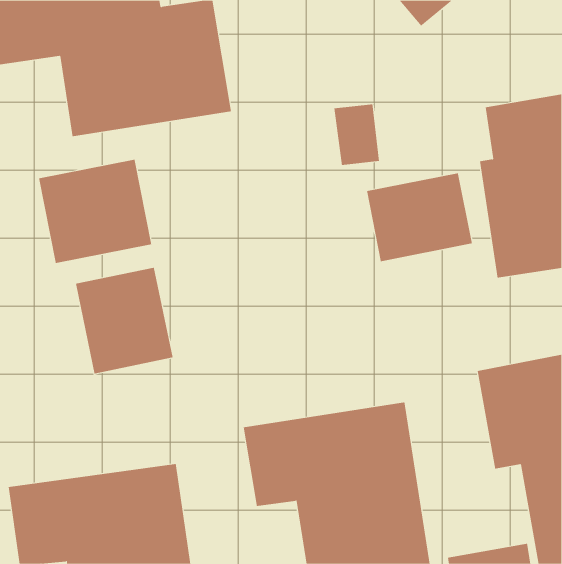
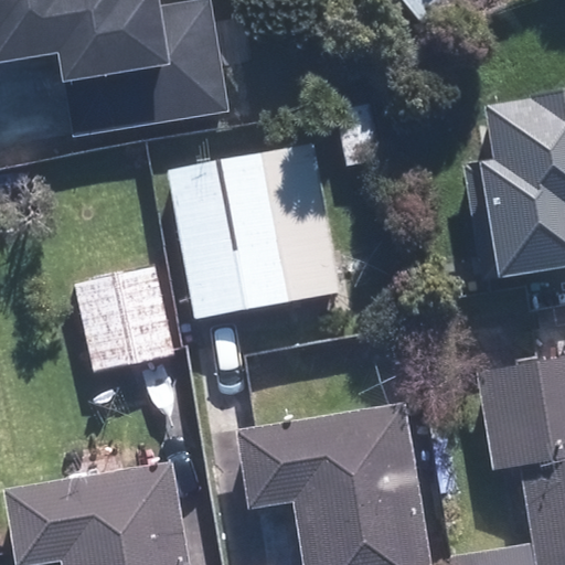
building: none -> [168,142,342,319]
building: [39,159,152,264] -> none
building: [366,172,473,262] -> none

